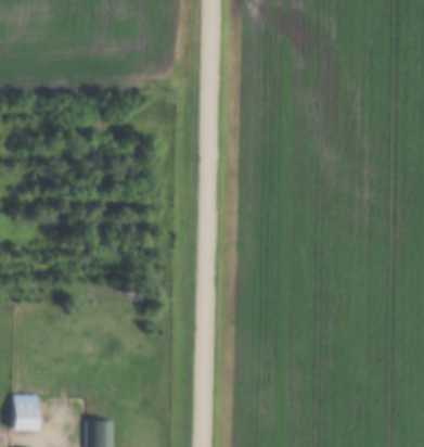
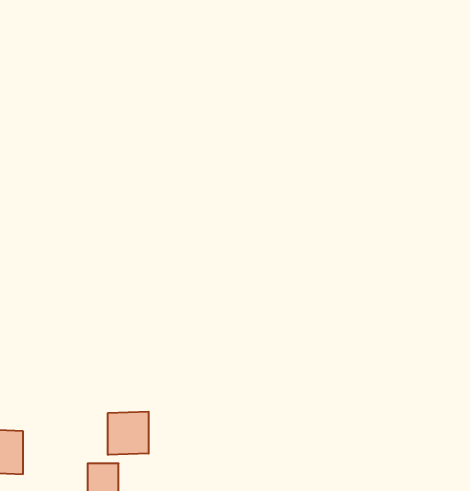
building: none -> [108,412,149,455]

